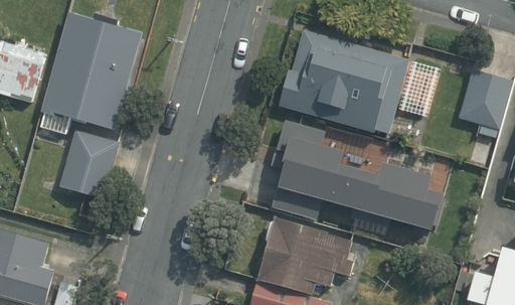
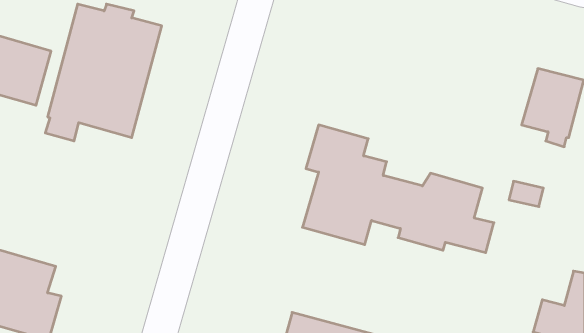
building: [281,29,411,136] -> none
building: [61,130,120,198] -> none
building: [258,214,352,295] -> none

